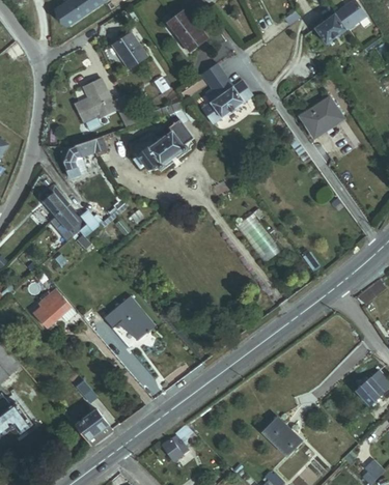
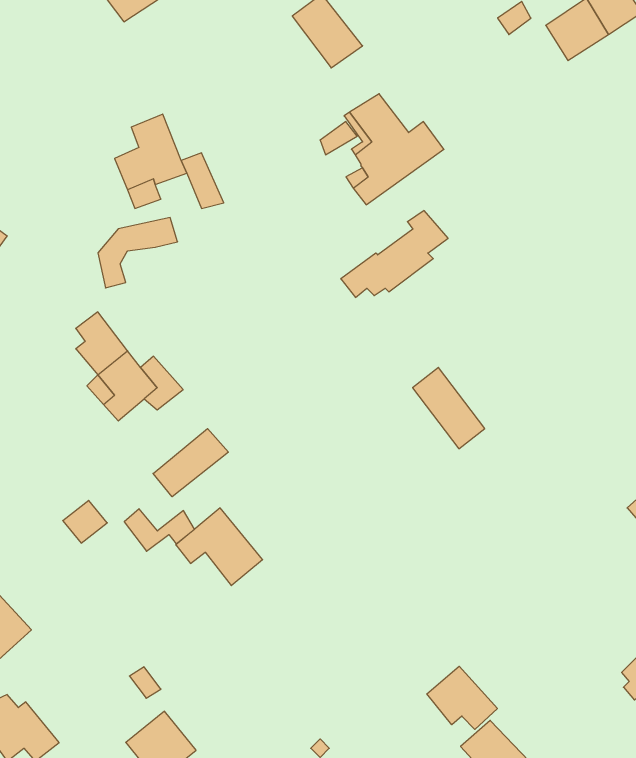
building: [108,27,147,65] -> none
building: [298,95,341,137] -> none
building: [133,124,193,173] -> [341,211,448,297]
building: none -> [153,429,228,497]
building: [32,304,72,327] -> [124,509,195,551]
building: none -> [427,666,497,729]

